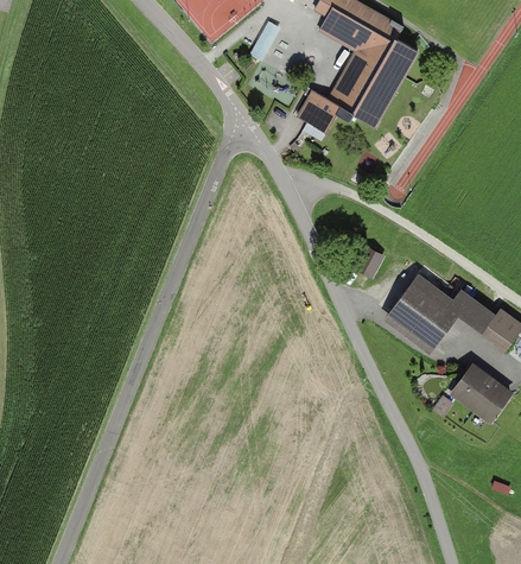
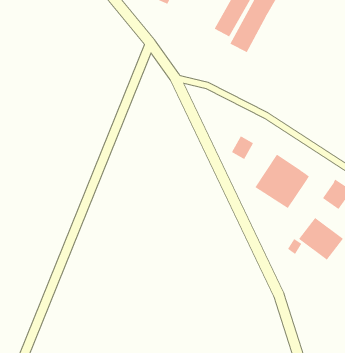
building: [296,89,341,134] -> none
building: [453,284,498,331] -> none

